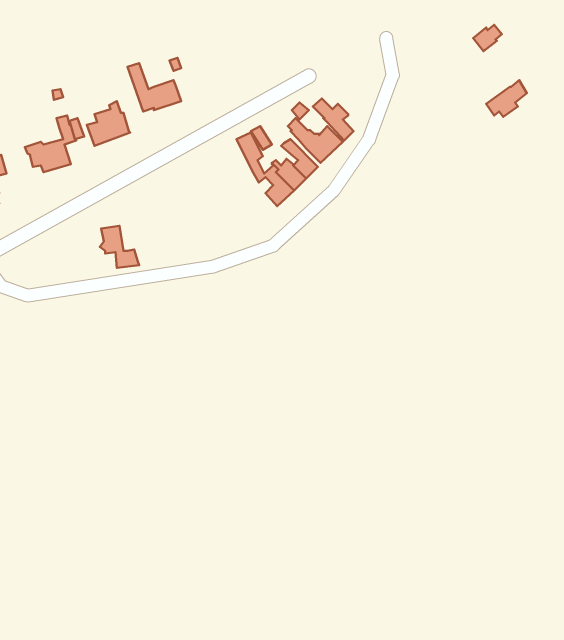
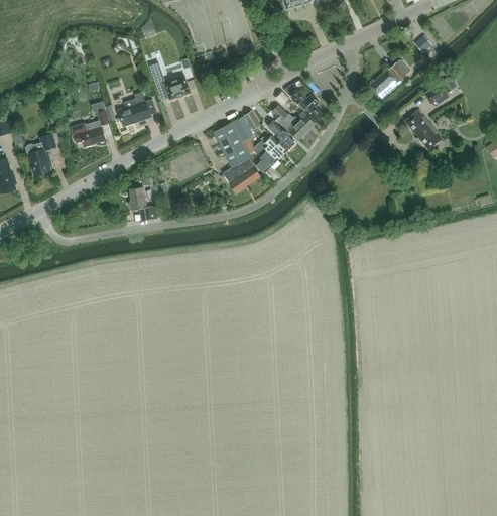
building: none -> [369,59,409,99]
building: none -> [404,109,442,150]
building: none -> [214,122,260,192]

